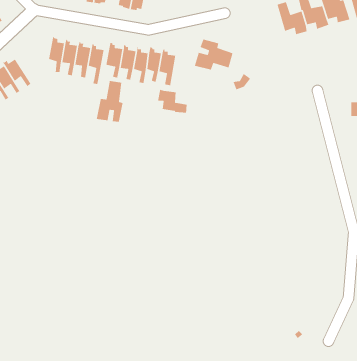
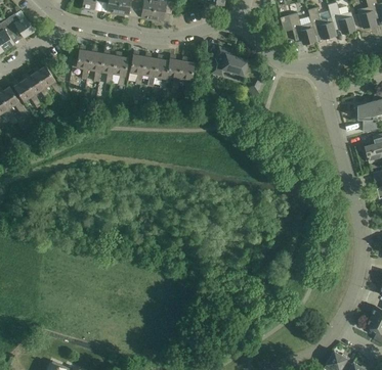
building: [96,80,123,122] -> none
building: [157,89,187,113] -> none

